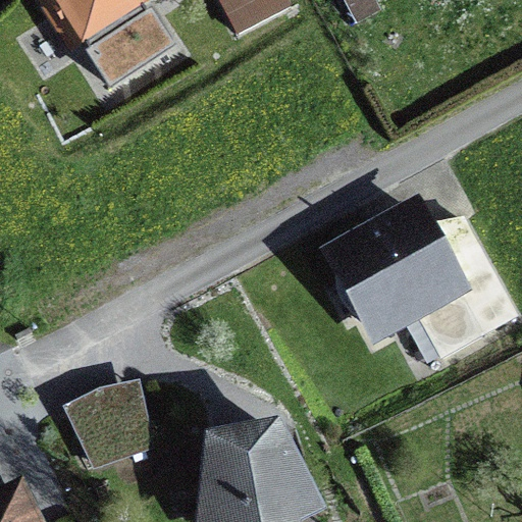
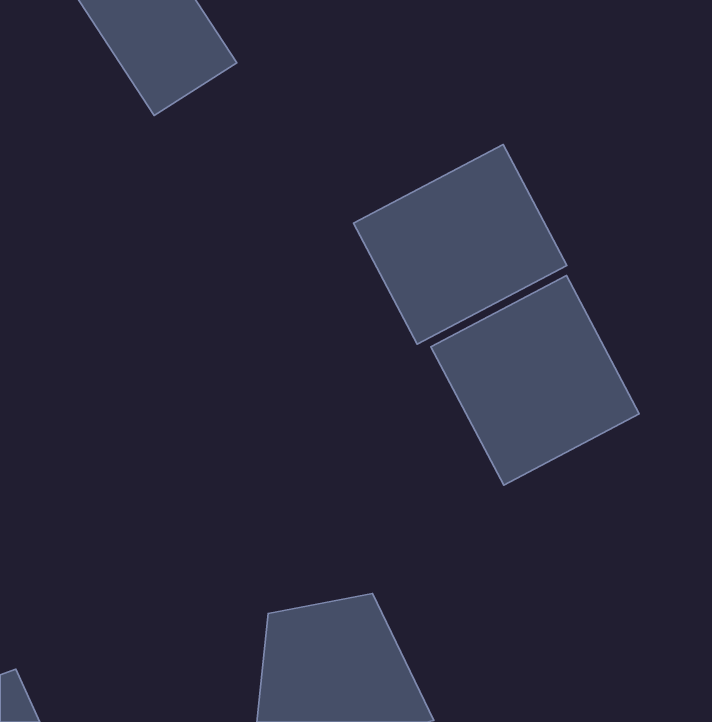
building: none -> [353,144,567,344]
building: [65,380,148,466] -> none

